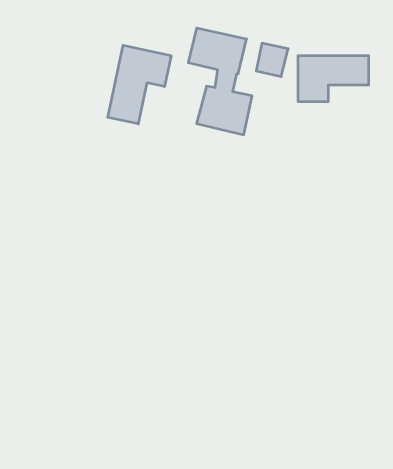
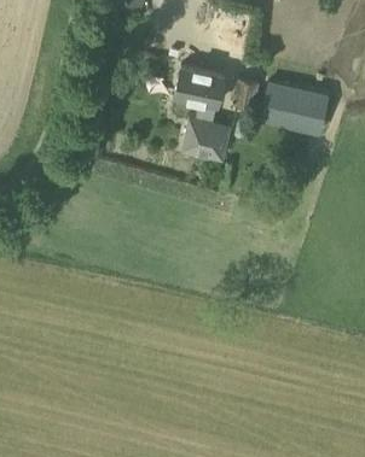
building: [108,45,171,124] -> none

